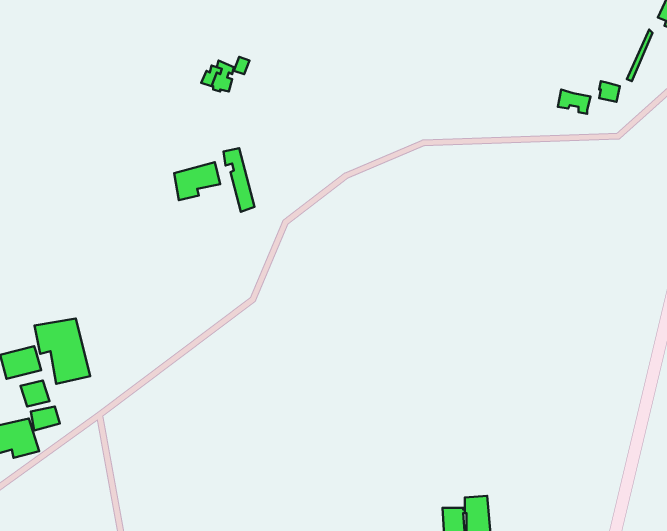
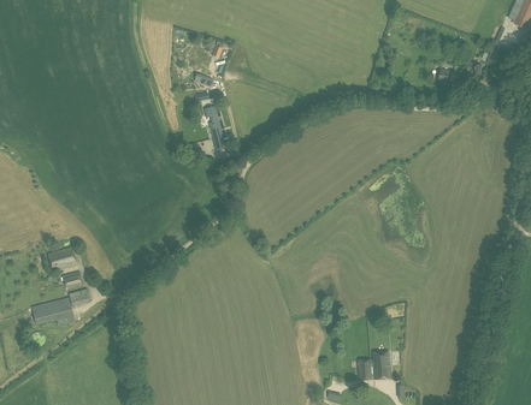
building: [174,162,220,200] -> none
building: [34,318,90,384] -> none

